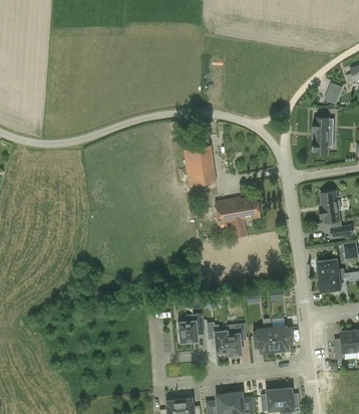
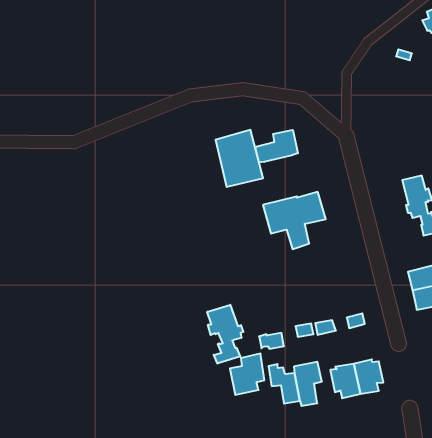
building: [313,118,333,153] -> none
building: none -> [255,130,298,162]
building: none -> [207,305,243,364]

